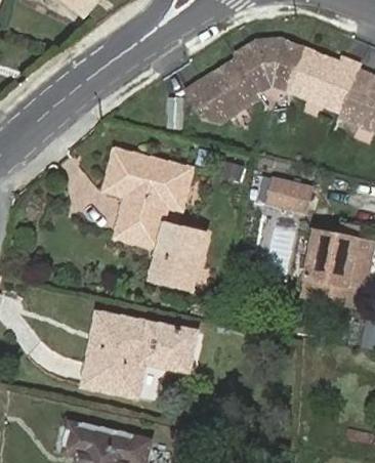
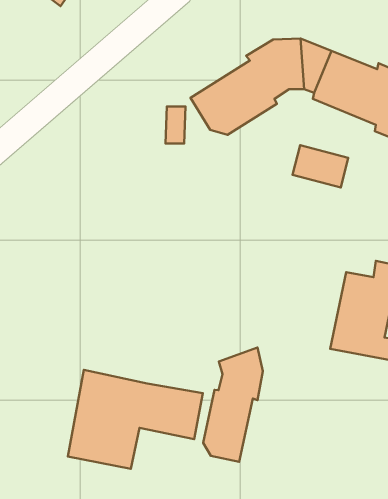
building: [107,150,206,288] -> none
building: [266,177,312,212] -> [293,145,348,187]
building: none -> [203,348,263,462]

